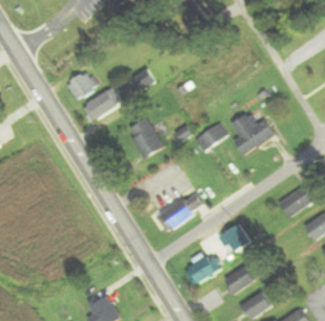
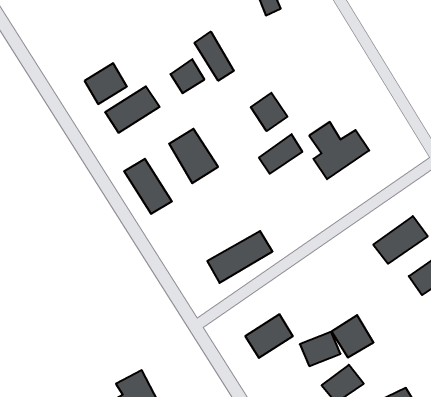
building: none -> [195,32,234,81]
building: none -> [251,93,287,131]
building: none -> [124,159,172,214]
building: [219,223,250,254] -> [331,315,374,357]

